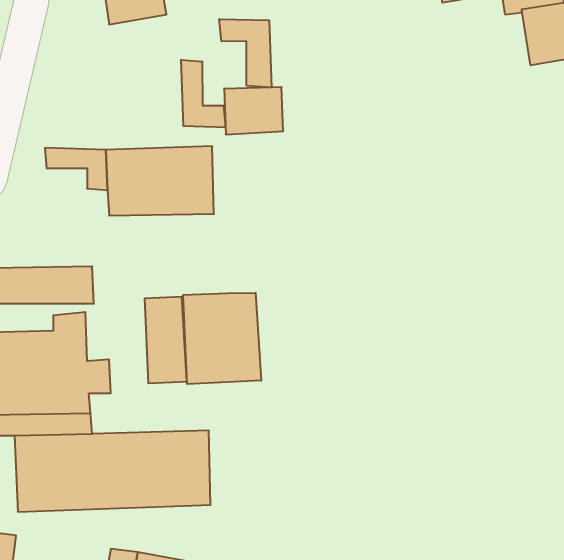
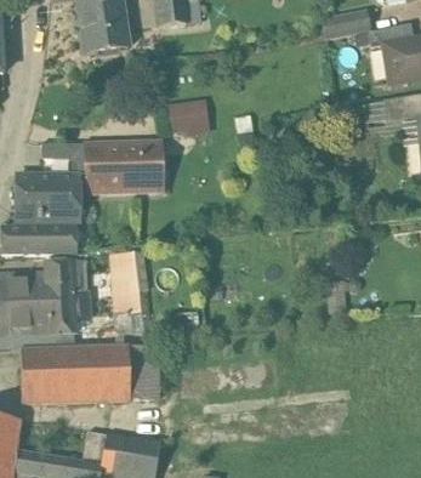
building: [219,19,272,87] -> none
building: [181,60,226,128] -> none
building: none -> [15,176,79,221]
building: [183,293,261,384] -> none

